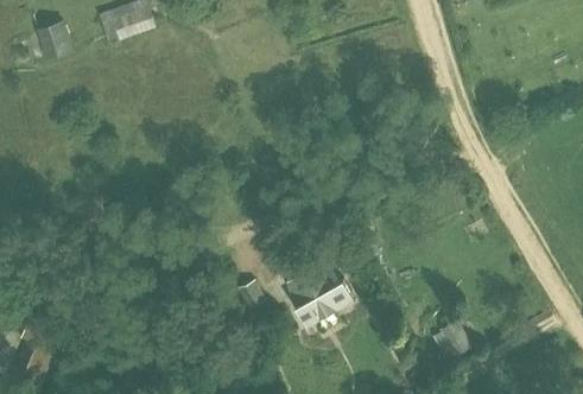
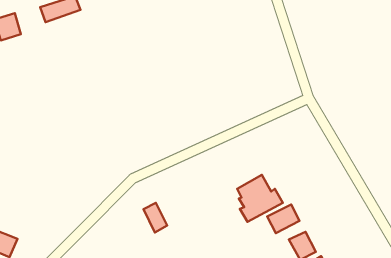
building: [290,260,351,324] -> [237,175,283,222]
building: none -> [267,205,300,233]

